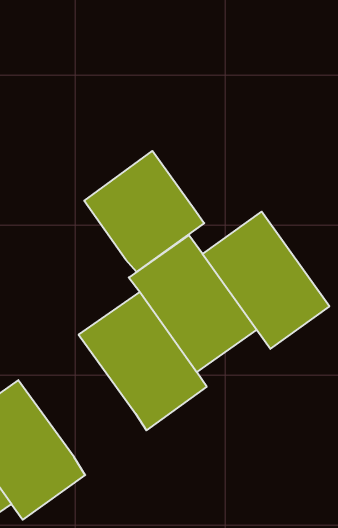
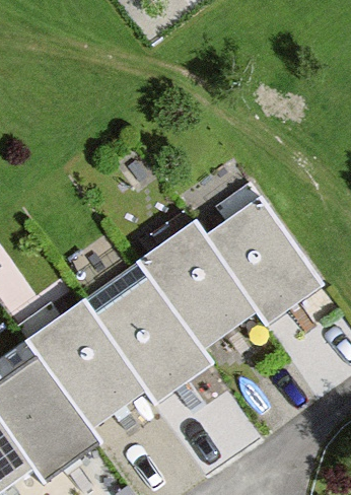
building: [84,151,204,272] -> none
building: none -> [27,298,145,424]

